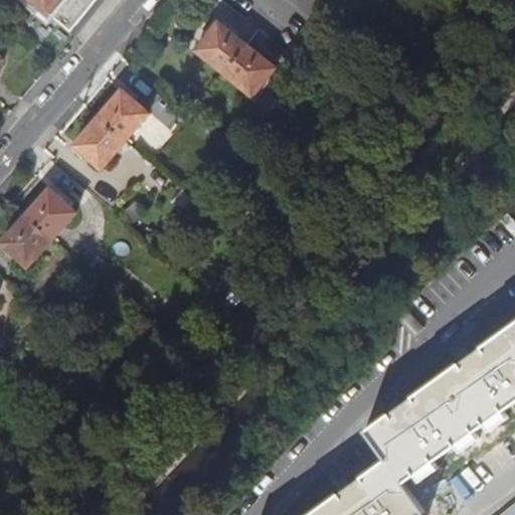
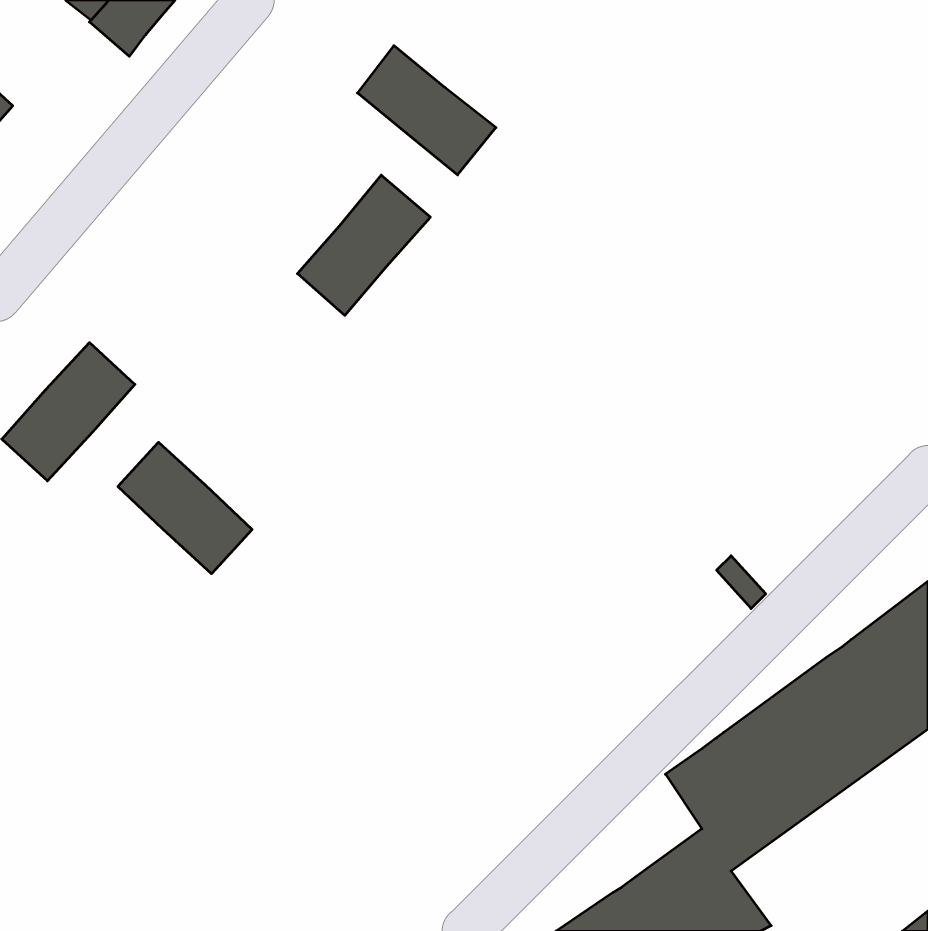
building: [73,90,147,167] -> [297,175,430,315]
building: none -> [118,442,252,574]

